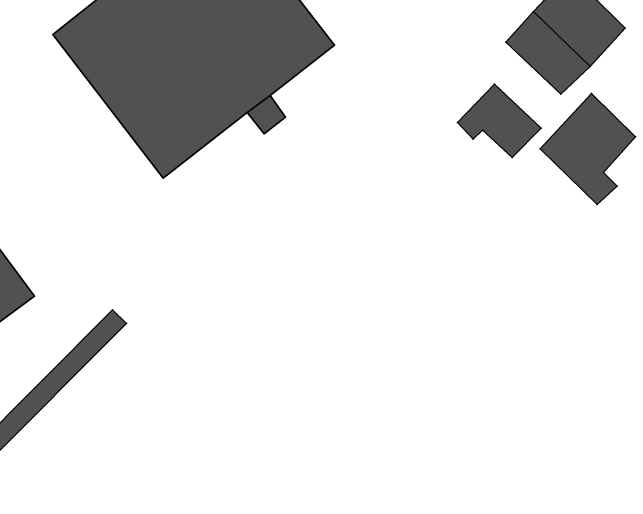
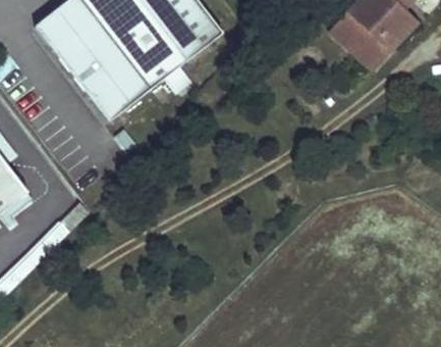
building: [457,84,541,157] -> none
building: [540,93,636,205] -> none

